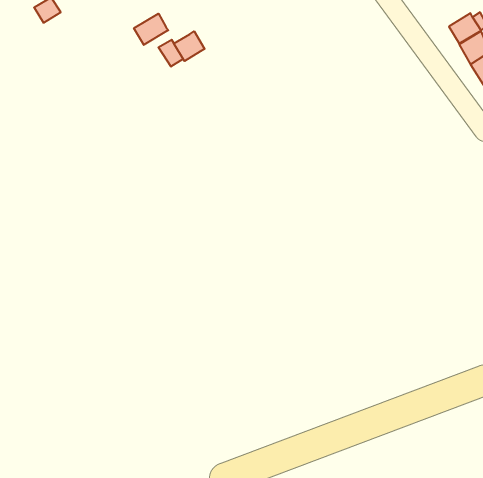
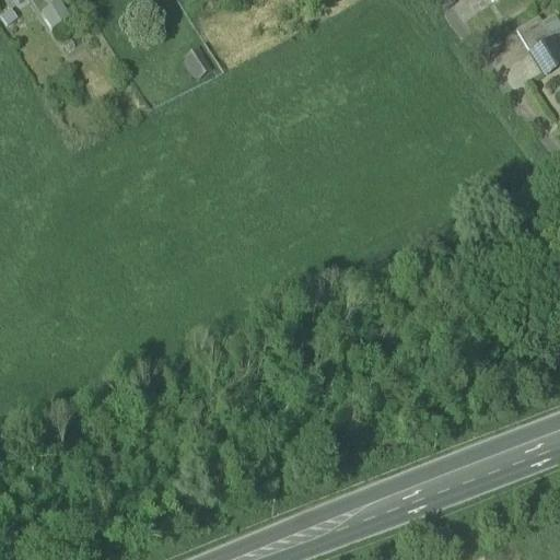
building: [134,14,168,45] -> none
building: [174,31,205,61] -> none

